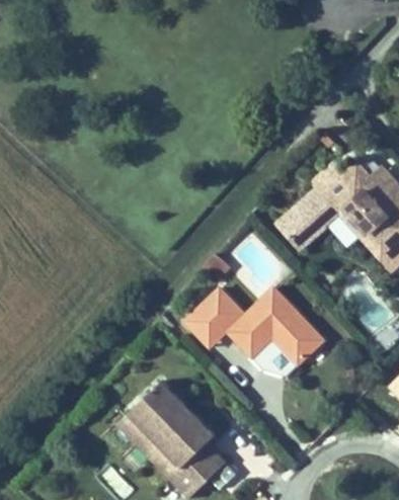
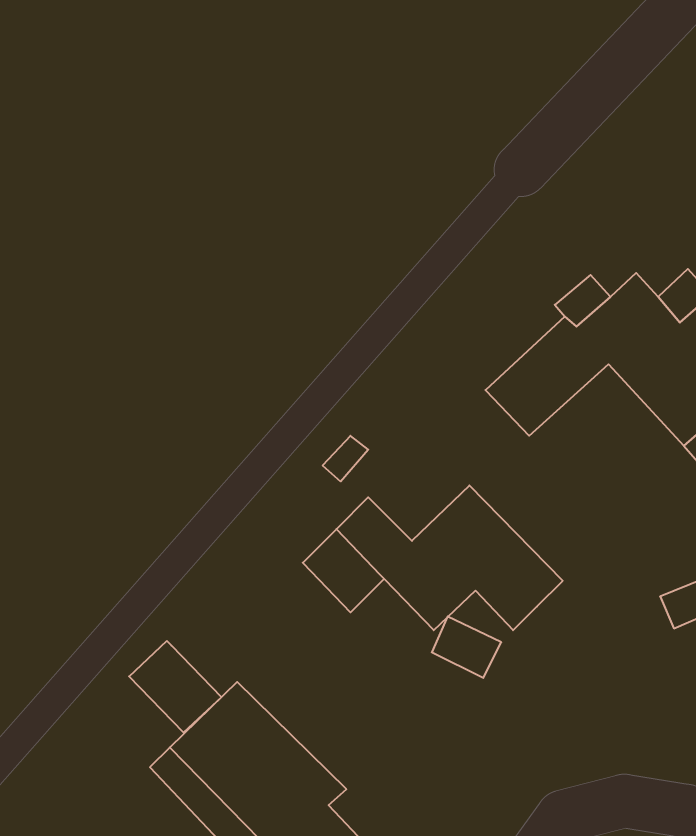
building: none -> [129,641,222,733]

